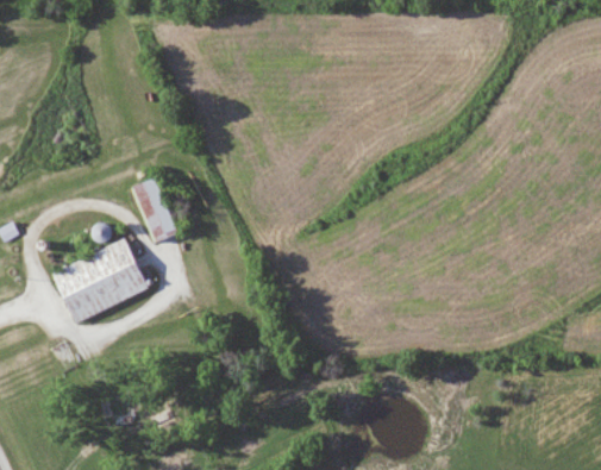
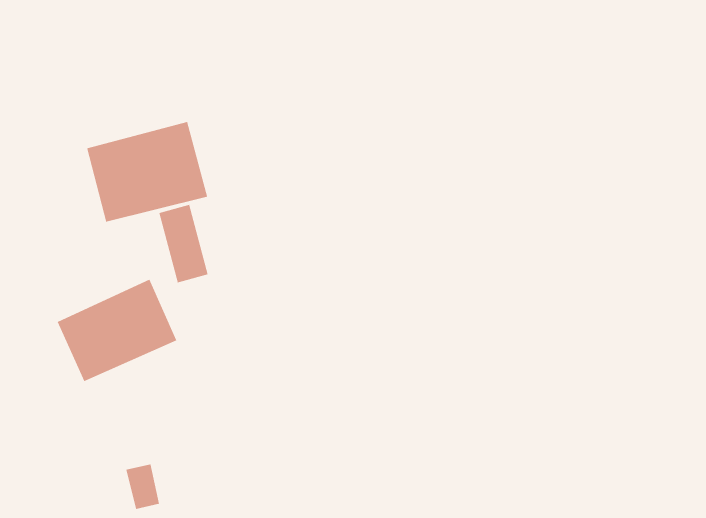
building: none -> [86,121,208,223]

